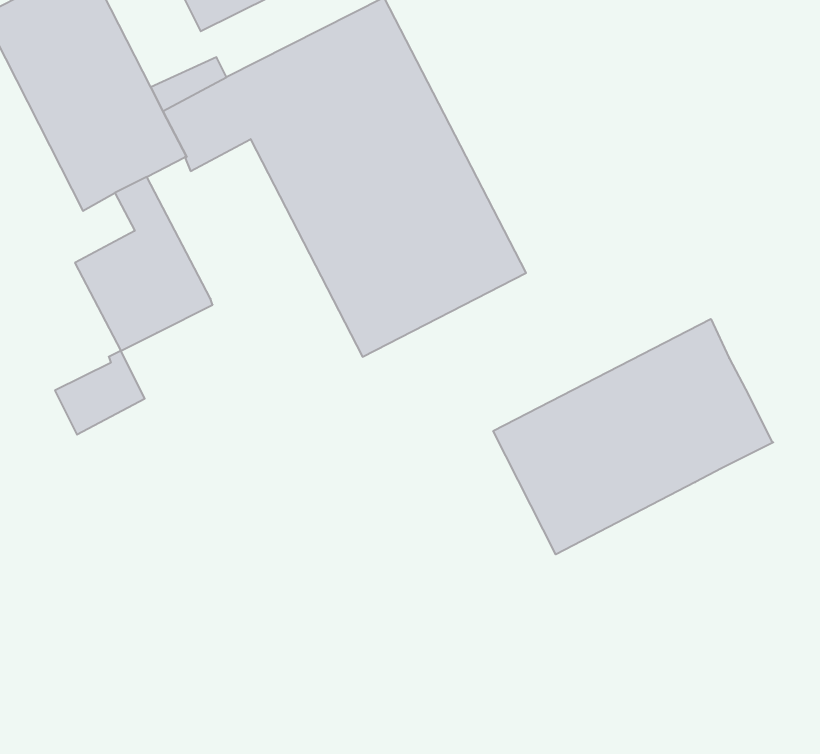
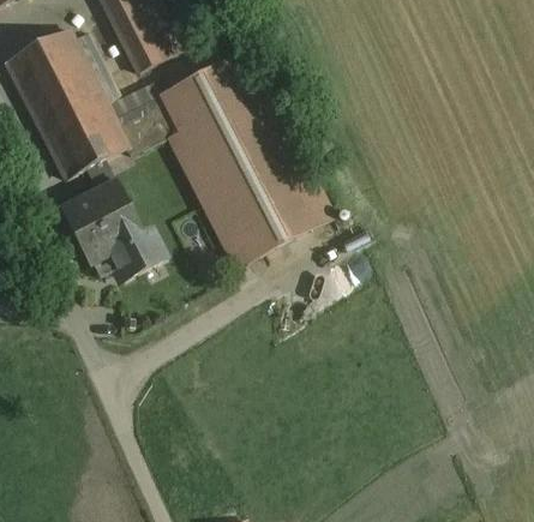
building: [493,319,773,554] -> none
building: [55,351,145,435] -> [109,228,163,278]

